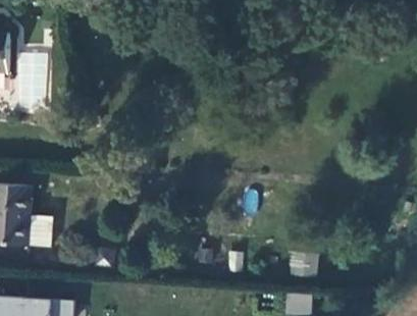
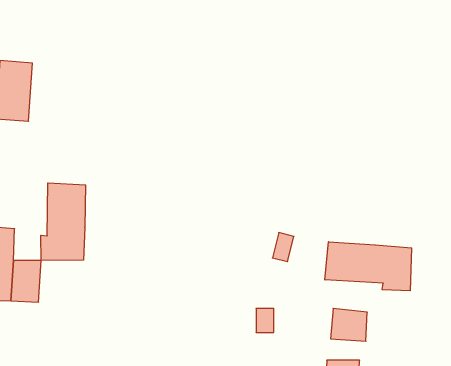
building: none -> [41,183,86,260]
building: none -> [325,242,412,291]

